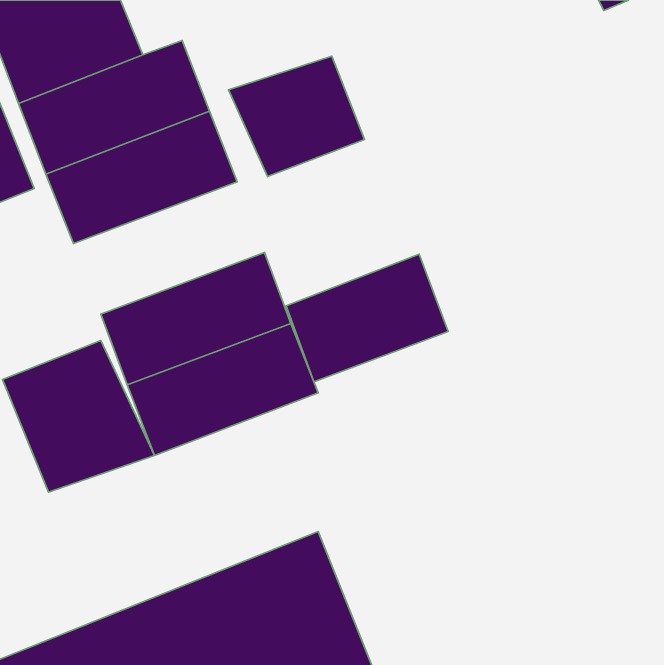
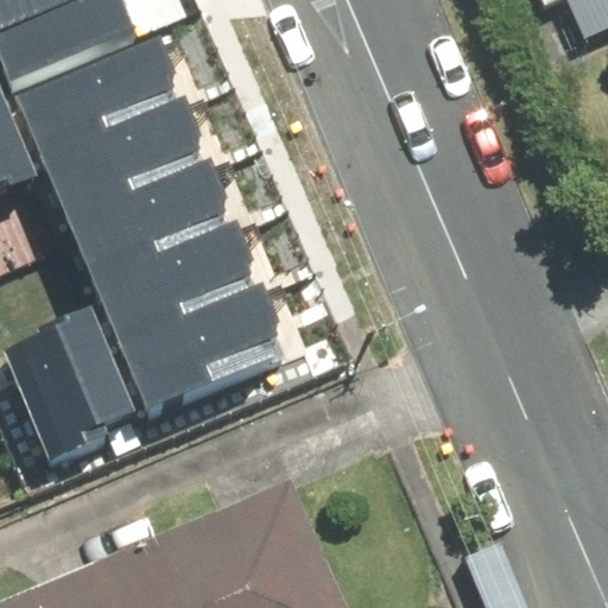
building: [229,56,364,177] -> none
building: none -> [66,169,240,289]
building: [286,254,448,382] -> none

